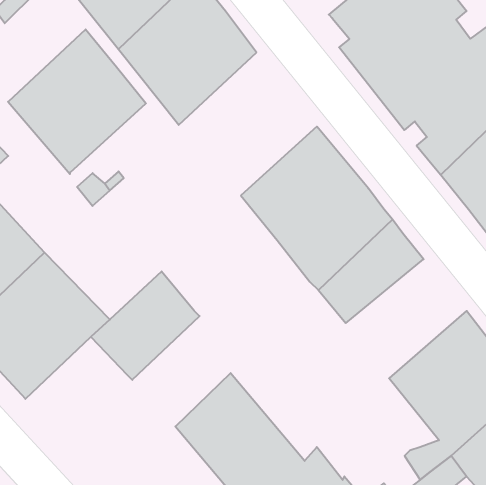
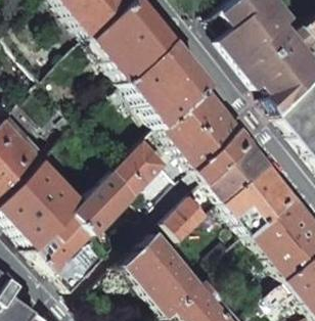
building: [8,29,146,174] -> [126,41,208,127]
building: none -> [116,139,169,194]
building: none -> [225,164,297,234]
building: none -> [166,193,209,240]
building: none -> [33,210,115,289]

